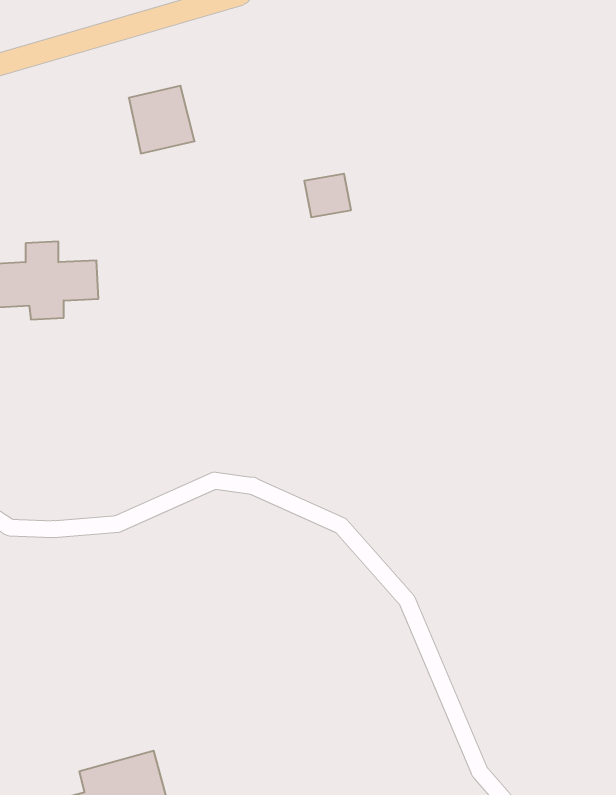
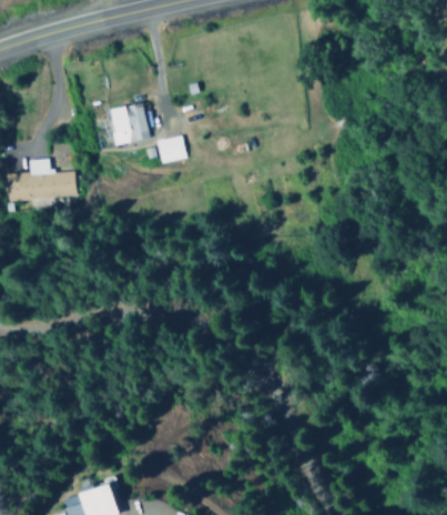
building: [129,86,195,153] -> [109,102,151,145]
building: [304,174,351,217] -> [156,135,186,163]

